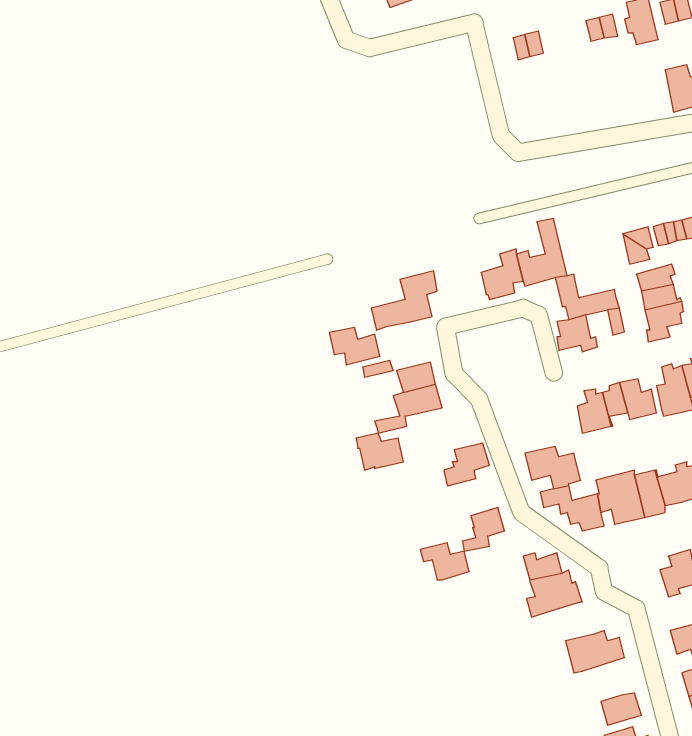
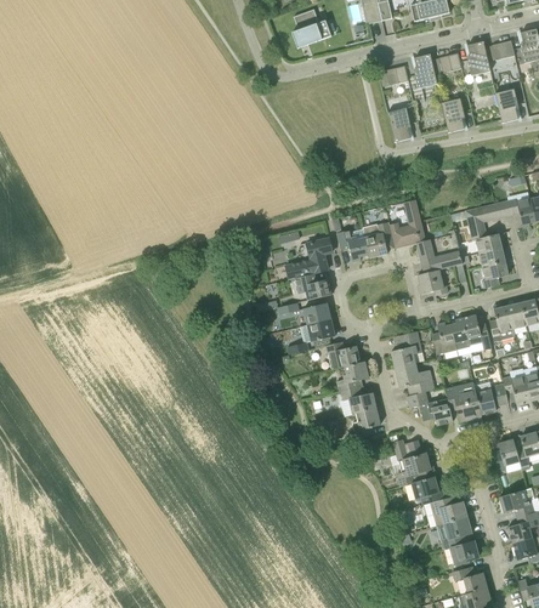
building: none -> [414,53,437,87]
building: none -> [441,98,465,131]
building: none -> [387,108,410,141]
building: none -> [336,228,367,261]
building: [329,328,380,365] -> [295,273,331,300]
building: none -> [390,330,420,368]
building: [356,433,403,470] -> [325,341,359,368]
building: [420,543,469,580] -> [340,386,375,413]
building: none -> [410,475,444,504]
building: none -> [436,515,471,549]

